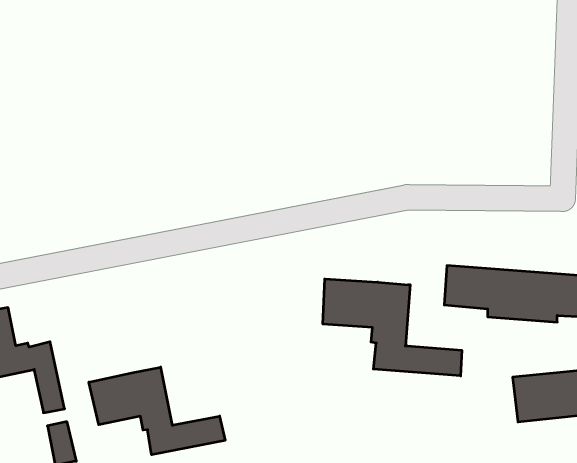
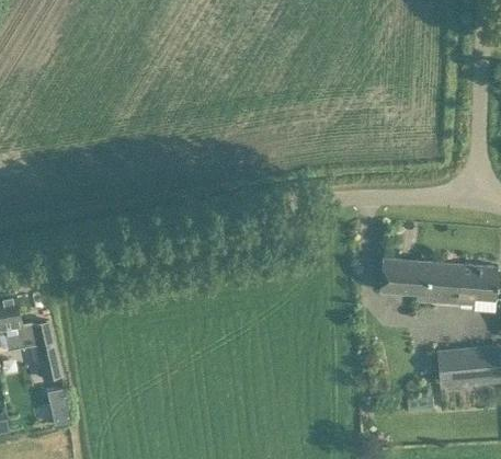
building: [323,279,462,376] -> none
building: [89,367,225,455] -> none

